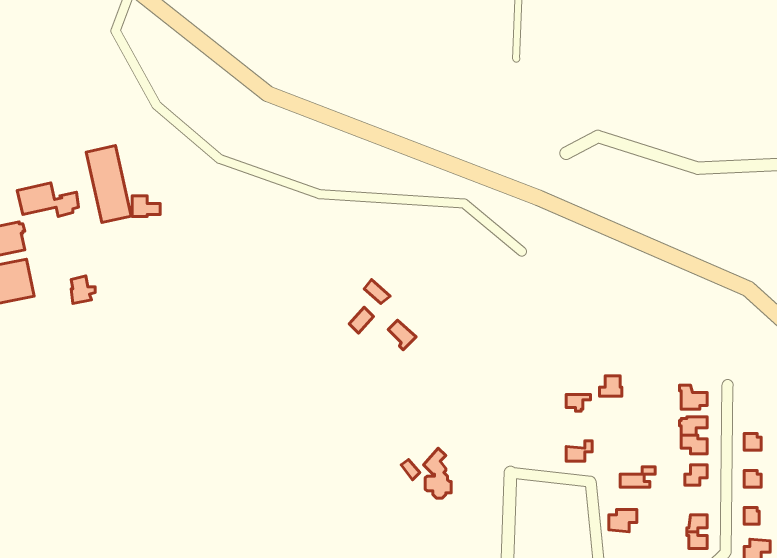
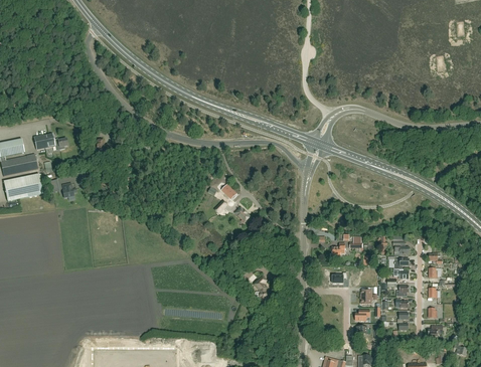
building: [86,146,131,223] -> none

